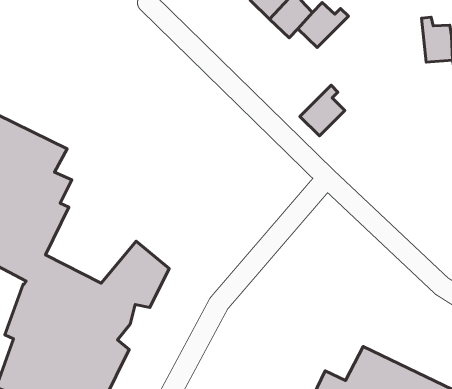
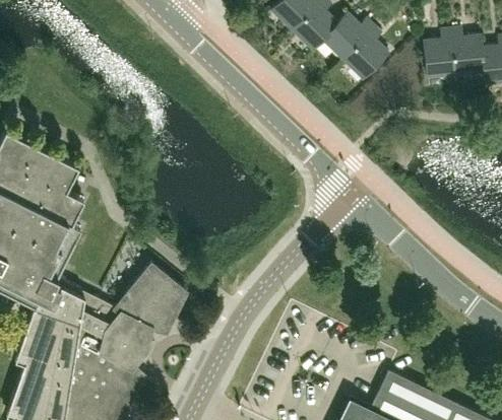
building: none -> [423,30,455,79]
building: [300,85,345,136] -> [341,28,388,81]

